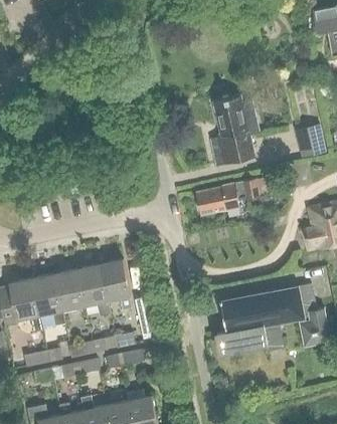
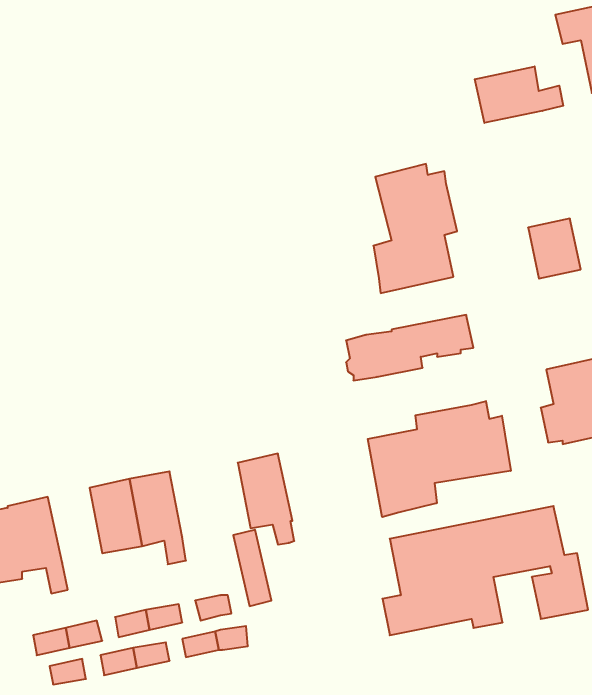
building: none -> [475,66,563,123]
building: none -> [368,401,511,517]
building: [99,259,130,309] -> [238,454,294,545]
building: [31,273,64,325] -> none

